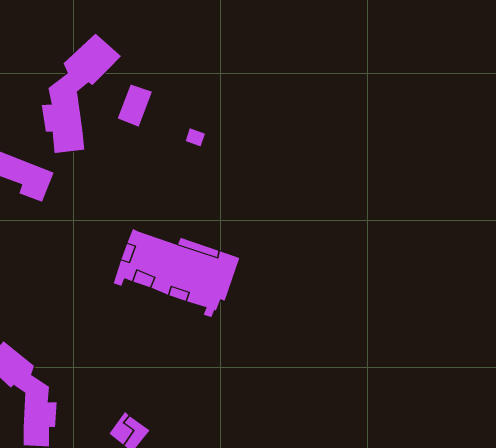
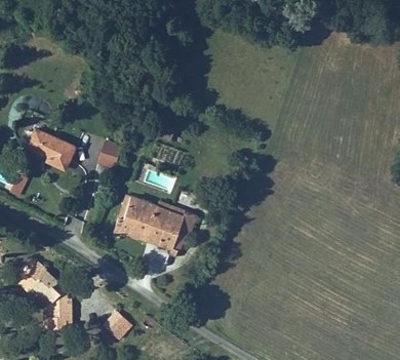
building: [41,33,122,154] -> none
building: [117,84,153,127] -> [94,143,119,172]

